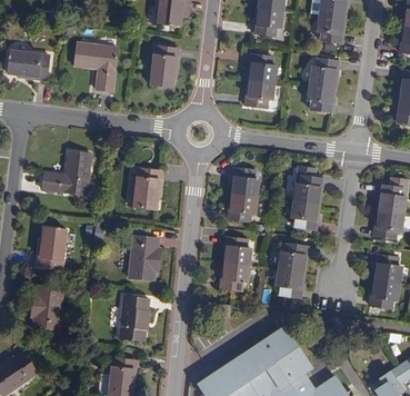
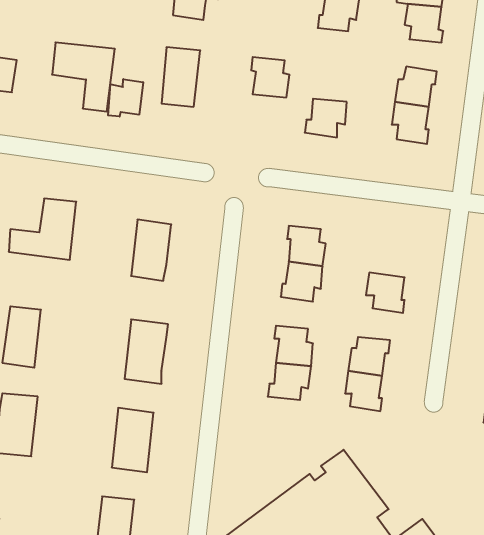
building: [252,57,279,85] -> [251,57,290,97]
building: none -> [108,79,143,117]
building: [292,178,323,206] -> none

